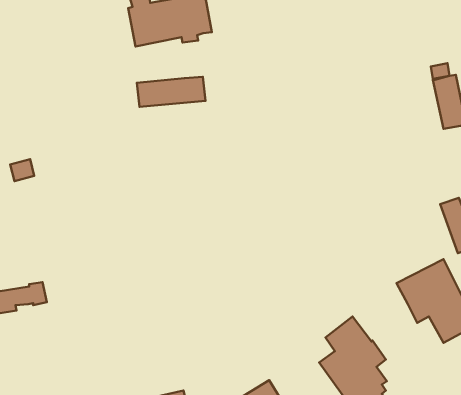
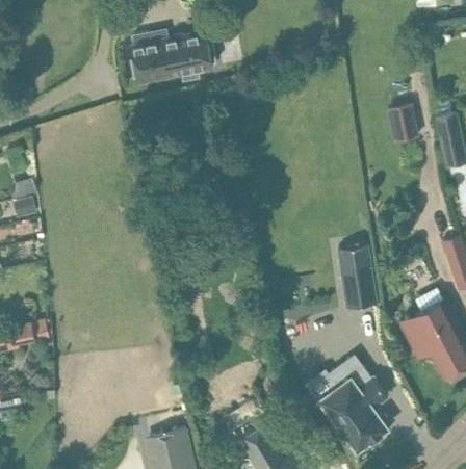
building: none -> [386,105,419,145]
building: [137,77,206,107] -> none
building: none -> [338,245,376,308]

